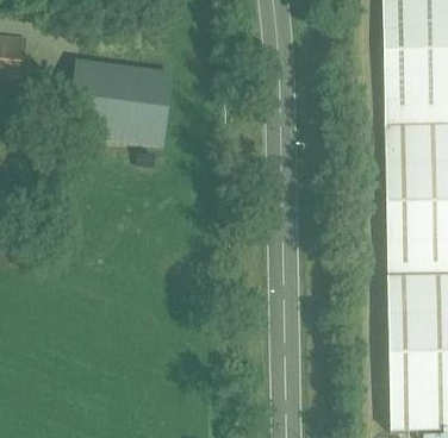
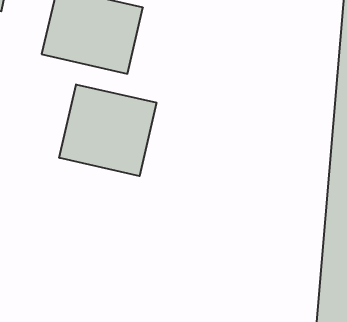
building: none -> [59,84,156,176]

